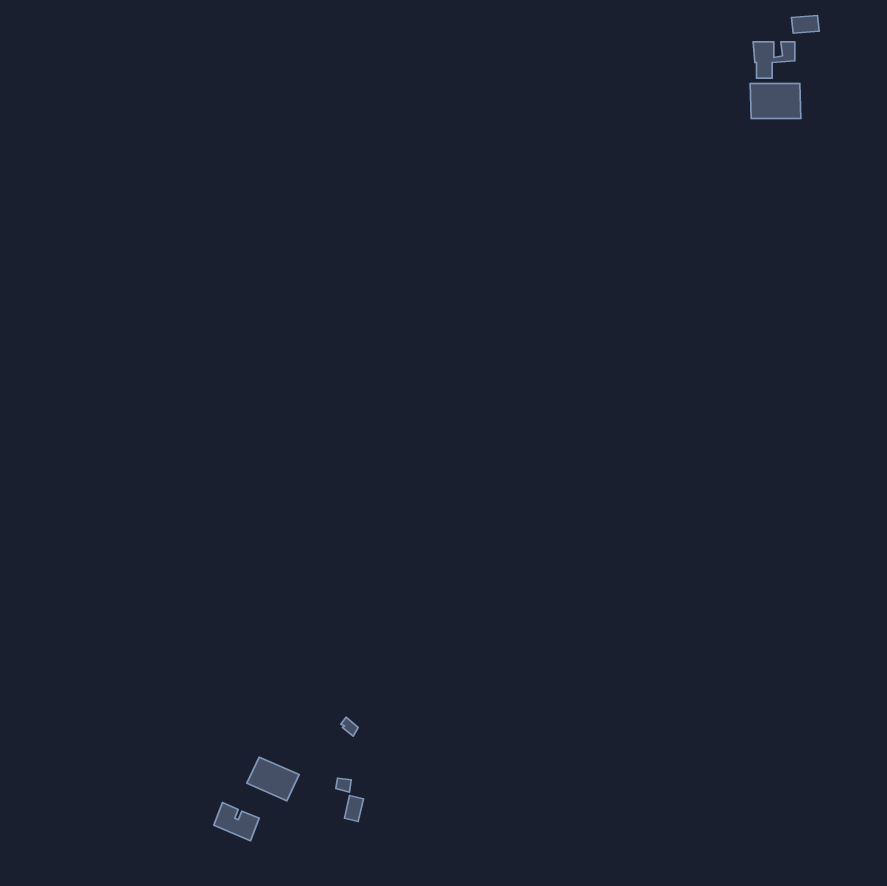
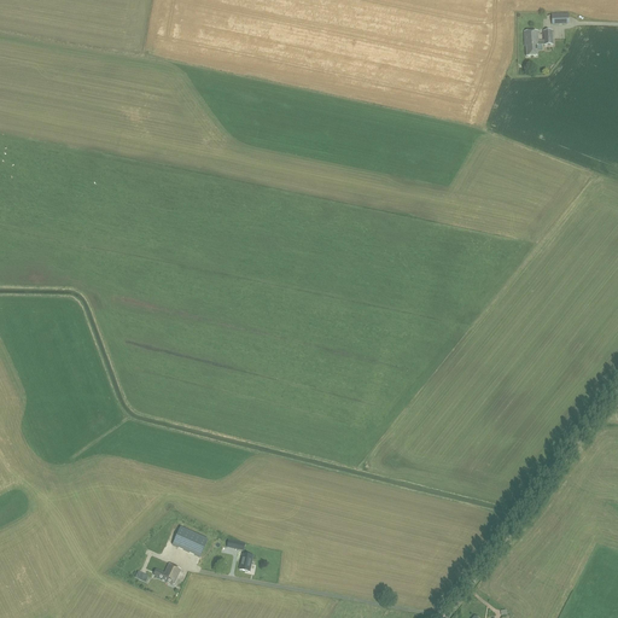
building: [750,84,801,119] -> none

